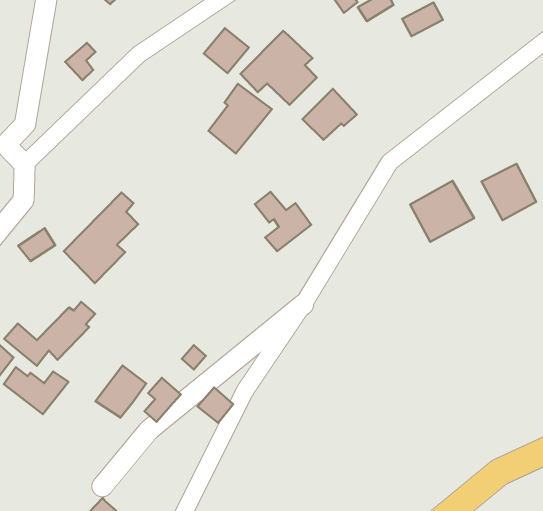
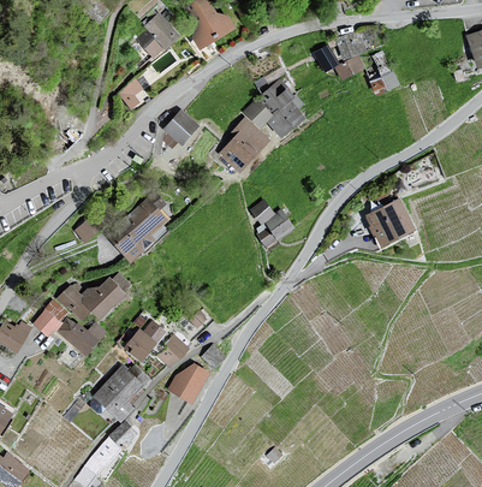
building: [204,28,249,73] -> [162,112,196,145]
building: [302,89,357,140] -> none
building: [482,164,536,220] -> none
building: none -> [168,364,208,403]
building: none -> [94,366,143,416]

